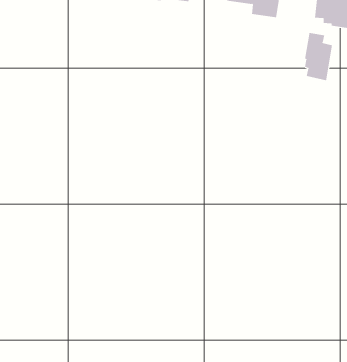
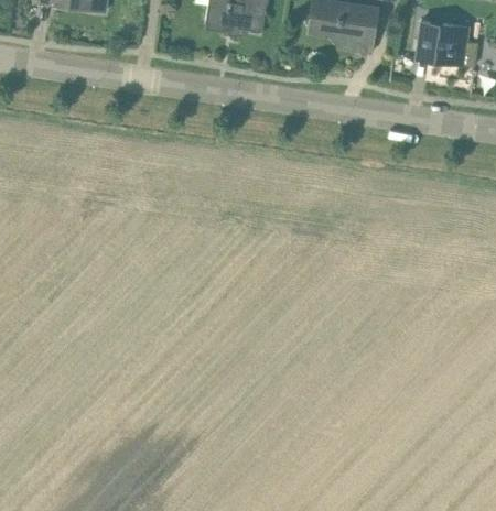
building: [304,32,333,81] -> none

